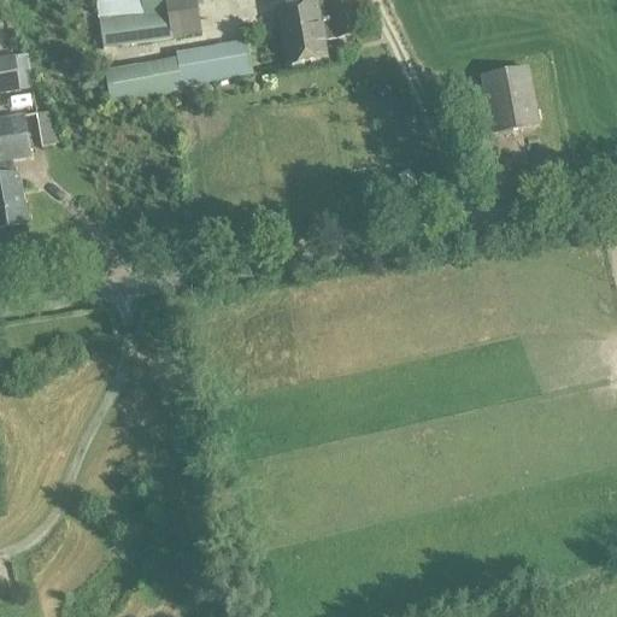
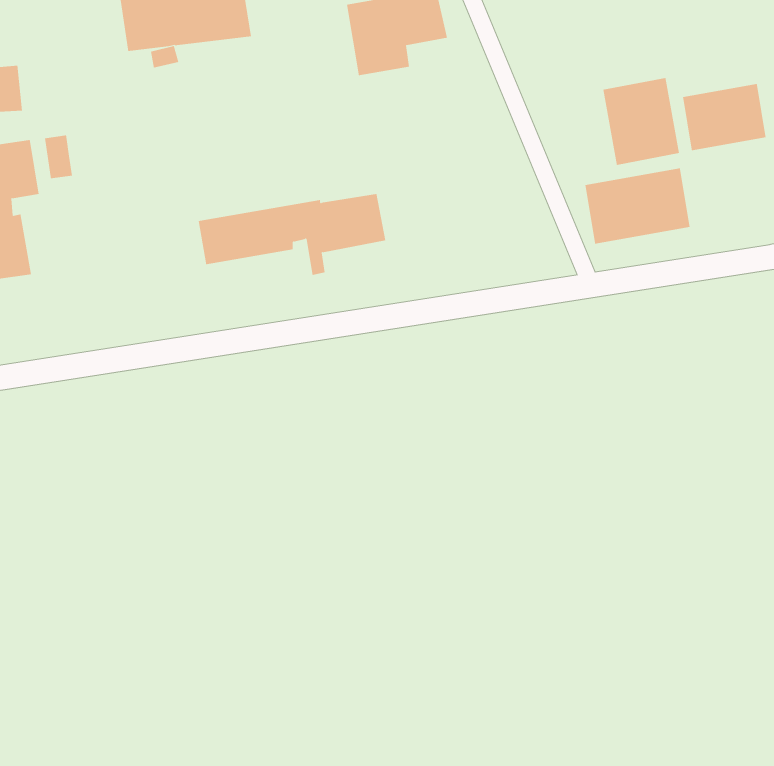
building: [105,45,254,110] -> [198,194,386,275]
building: none -> [682,83,766,151]
building: none -> [585,167,690,245]

